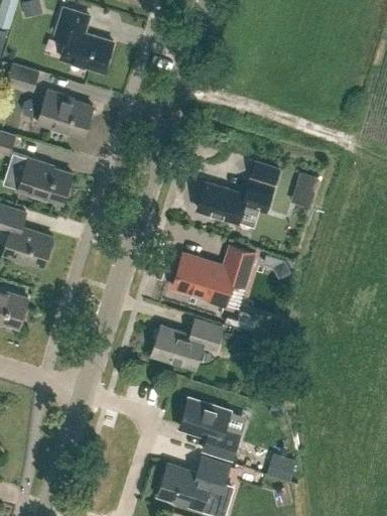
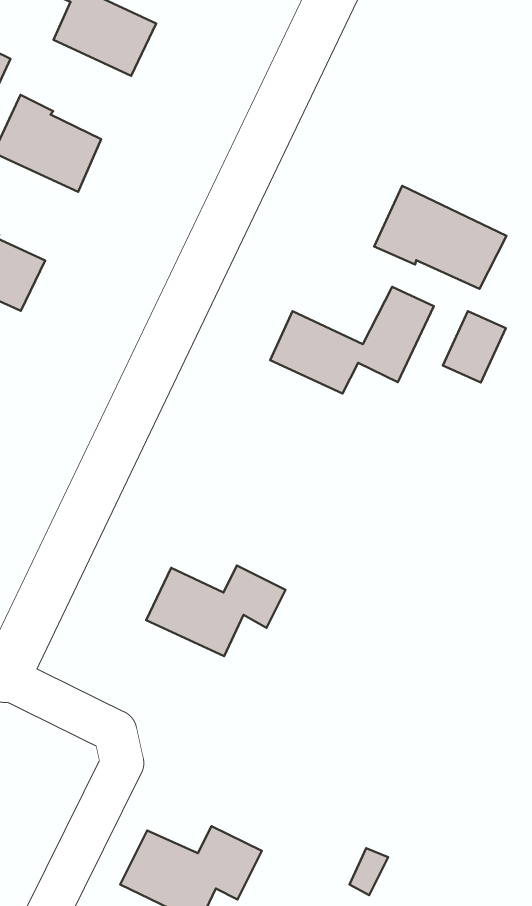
building: none -> [374,186,507,289]
building: [172,245,255,305] -> none
building: [179,398,240,459] -> none

